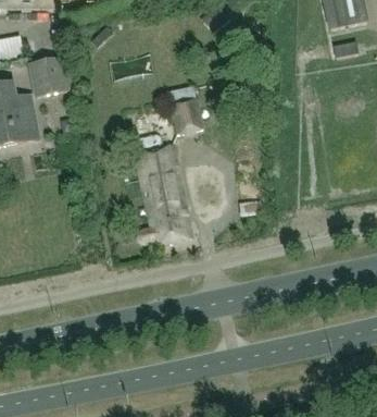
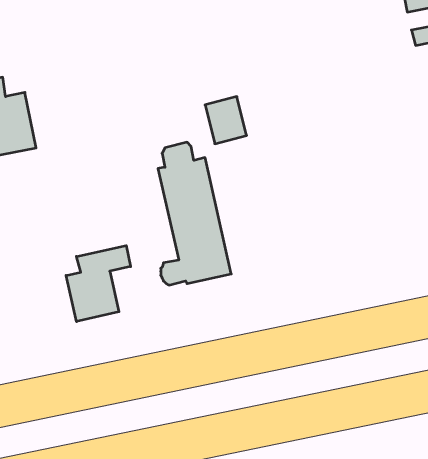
building: [28,54,68,96] -> none
building: none -> [66,246,131,322]

